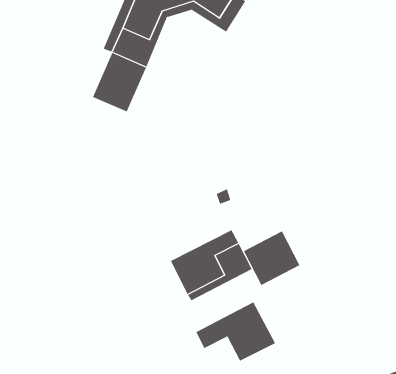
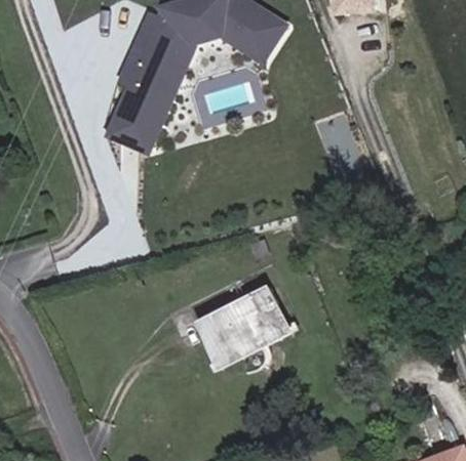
building: [243,230,300,286] -> none
building: [196,301,276,361] -> none

